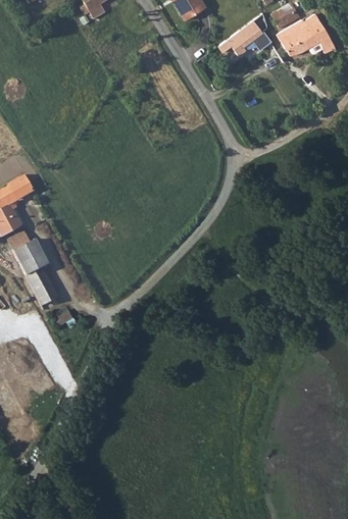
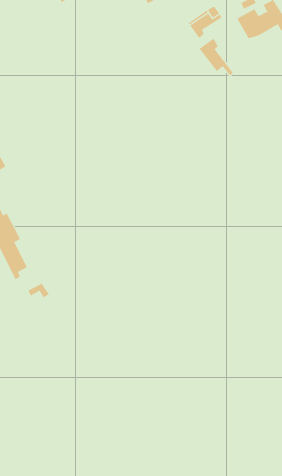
building: none -> [199,38,233,76]

